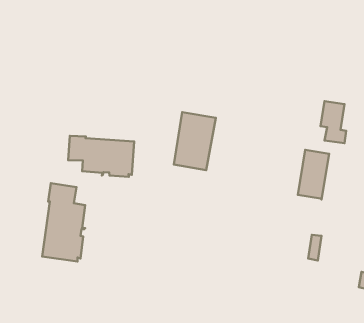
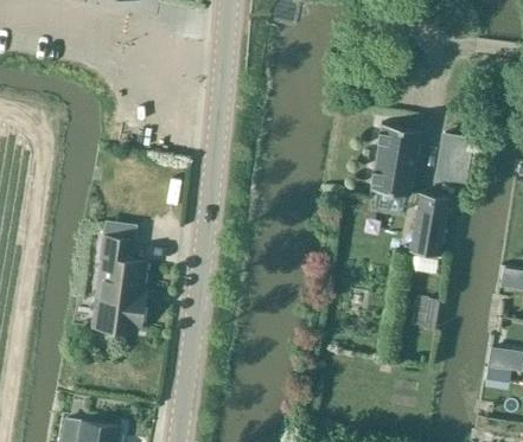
building: [174,112,216,170] -> [371,127,423,199]
building: [68,136,134,177] -> none

